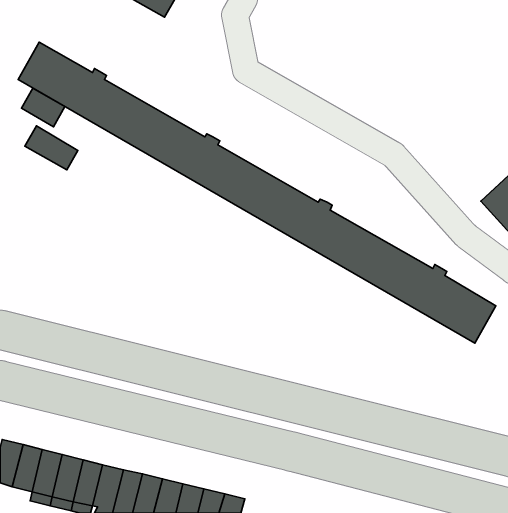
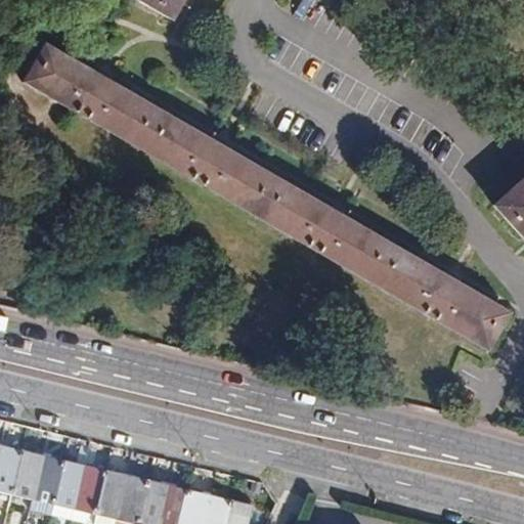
building: [22,88,65,127] -> none
building: [25,126,78,170] -> none

